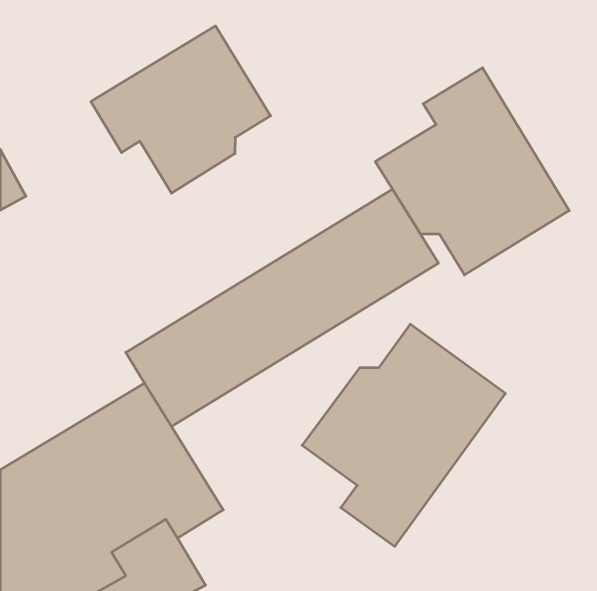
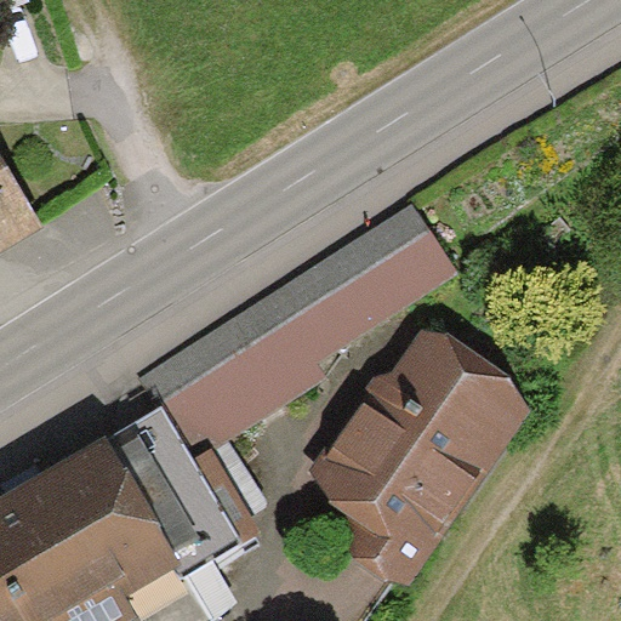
building: [91,26,271,193] -> none
building: [375,68,569,275] -> none

